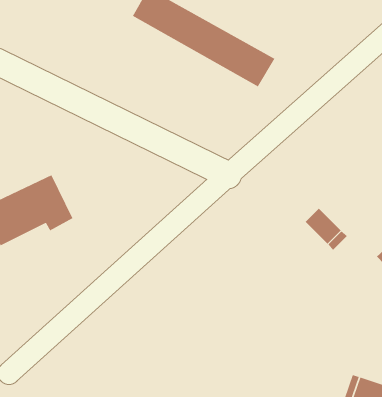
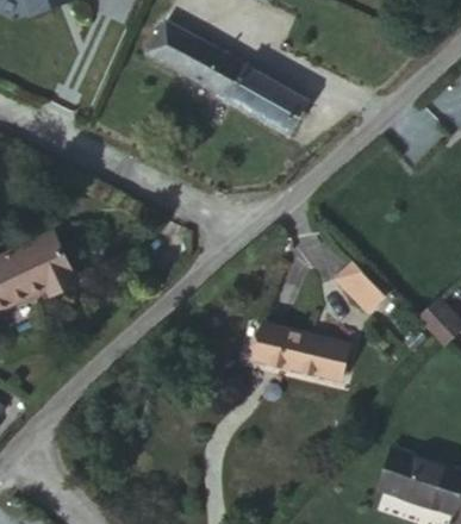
building: none -> [257,324,348,380]

